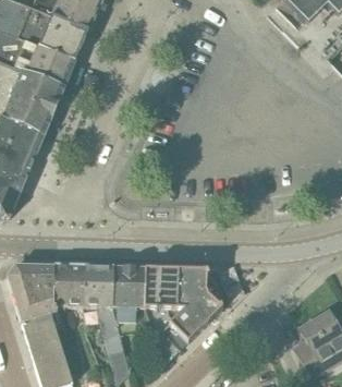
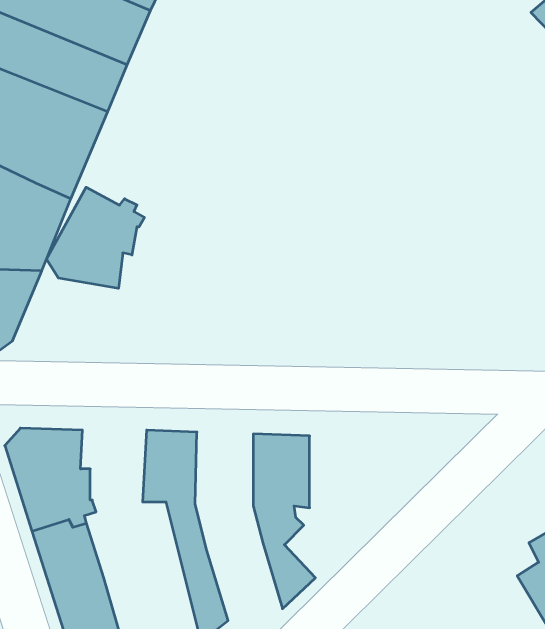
building: none -> [46,187,144,288]
building: [49,264,86,305] -> none
building: [113,266,151,332] -> none
building: [163,268,222,348] -> none

